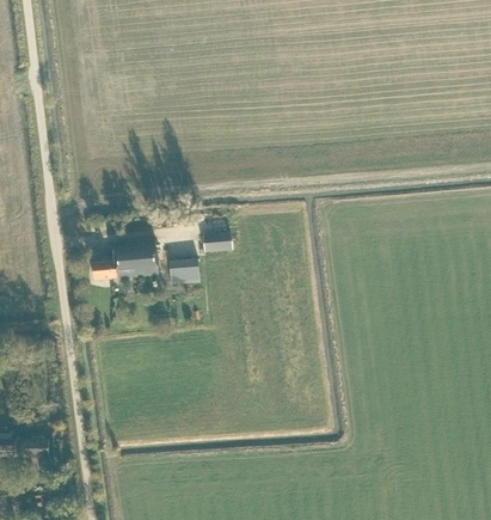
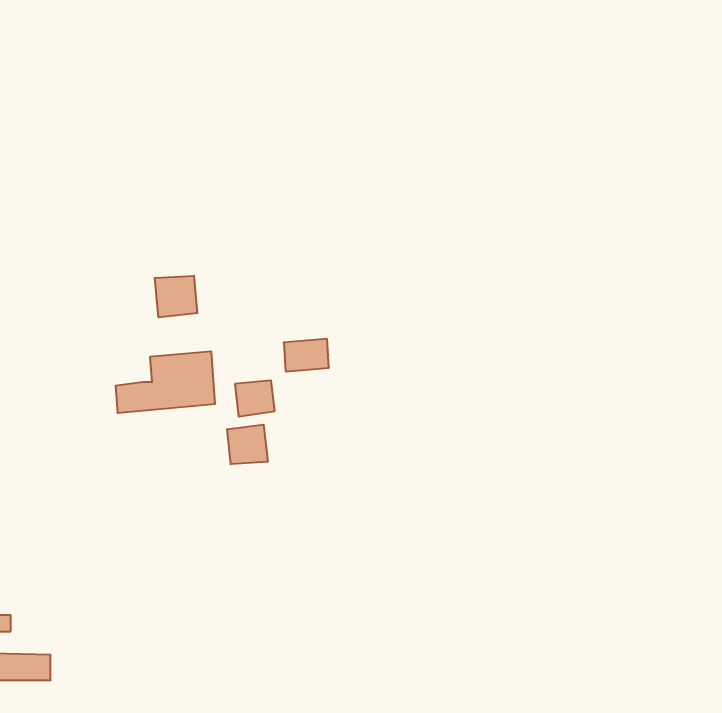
building: none -> [155,276,197,317]
building: none -> [227,425,268,464]

